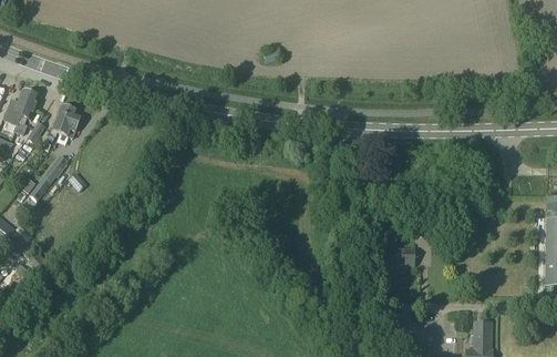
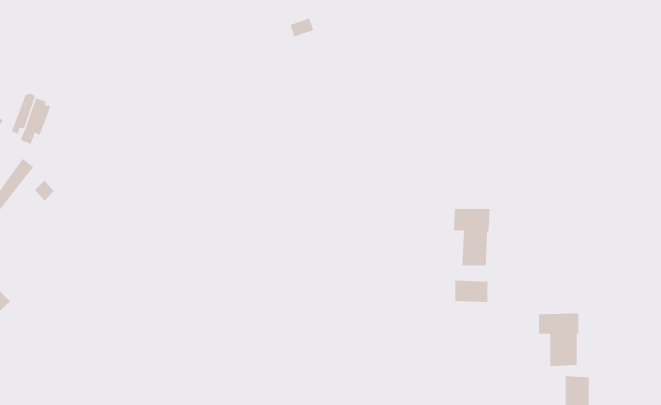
building: none -> [453,208,490,266]
building: none -> [538,313,579,367]

